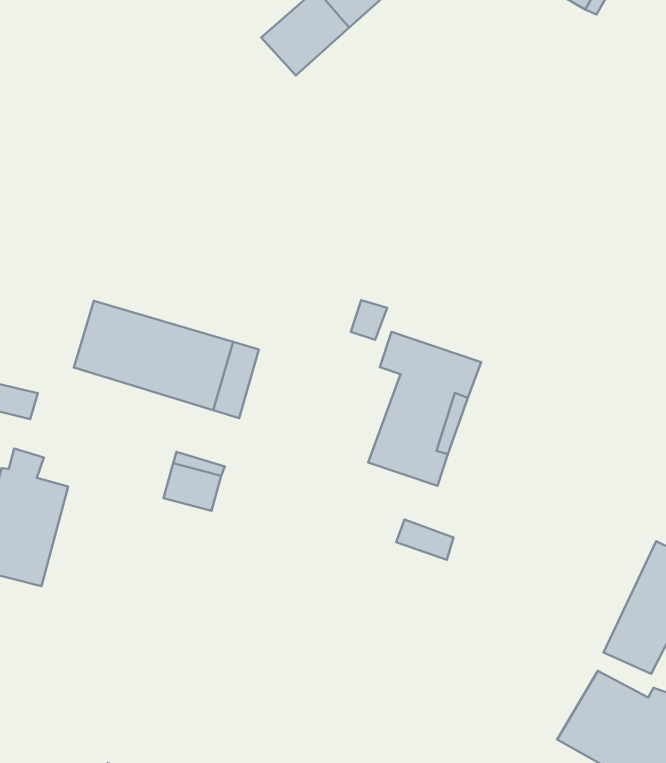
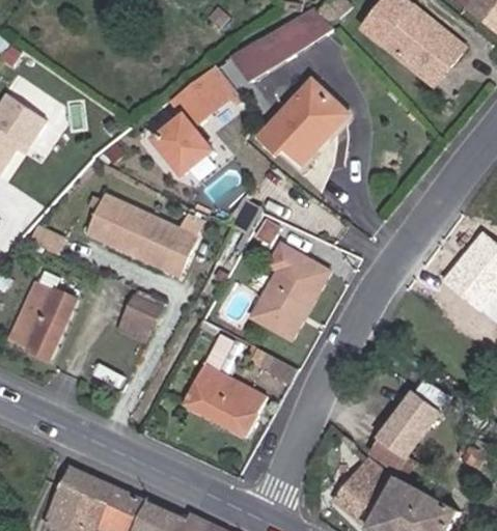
building: none -> [260,82,338,161]
building: none -> [158,66,236,176]
building: none -> [184,337,265,436]

